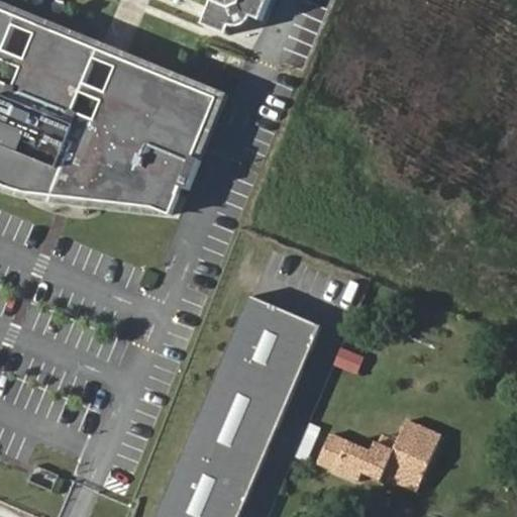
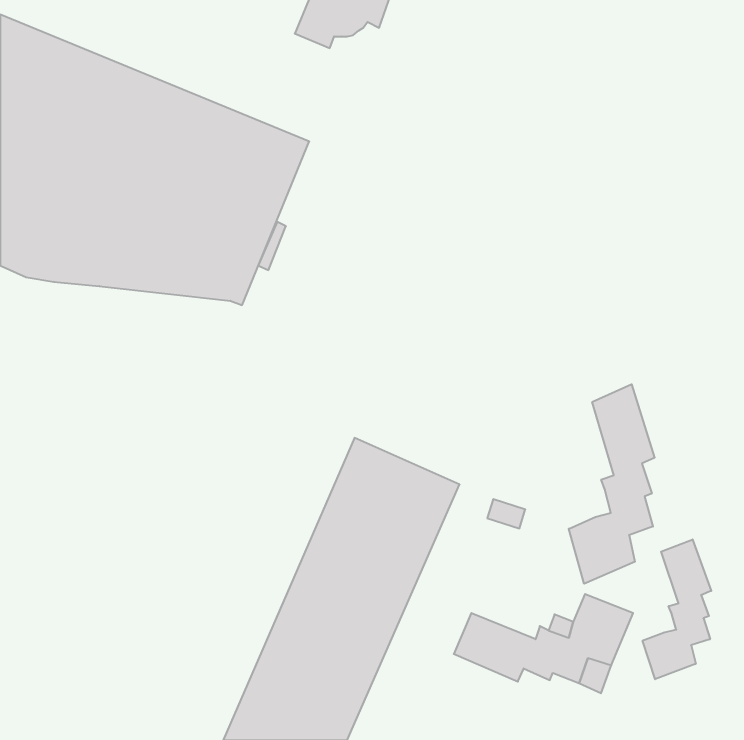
building: none -> [569,384,655,584]
building: none -> [643,539,711,679]

